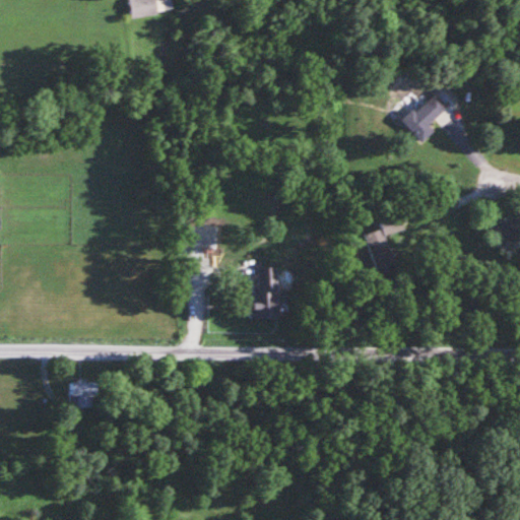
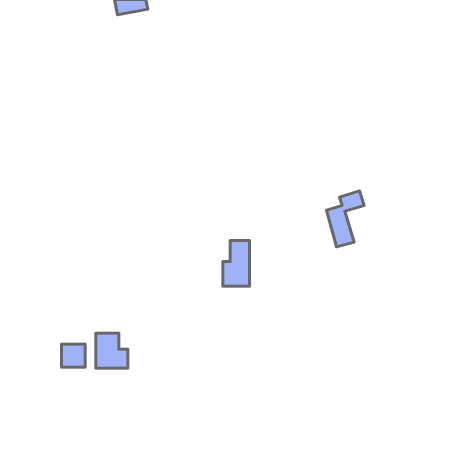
building: [403,90,450,141] -> none
building: none -> [96,333,128,368]

